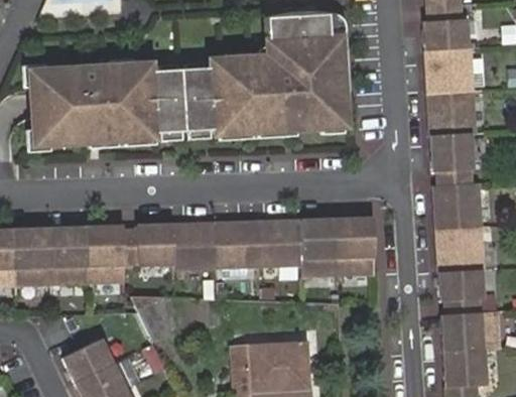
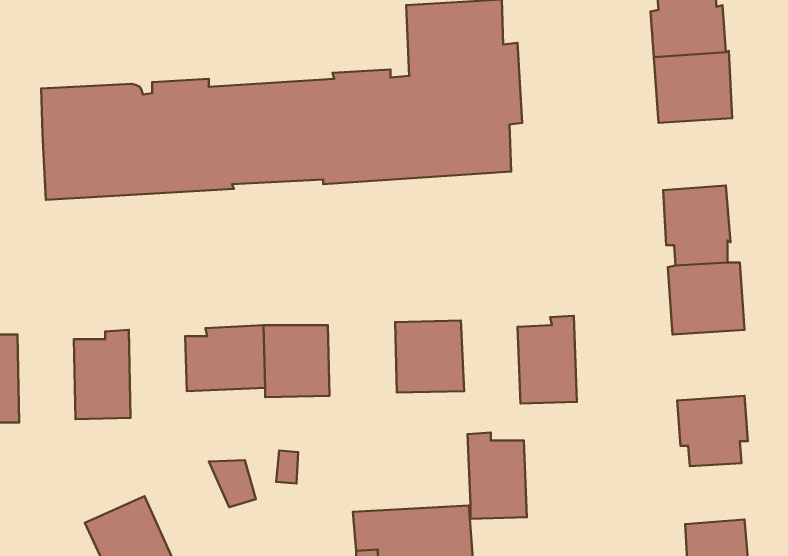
building: [427,91,478,137] -> none
building: [300,220,339,275] -> [467,433,527,519]
building: [215,222,259,269] -> none
building: [87,227,125,283] -> none
building: [436,227,485,272] -> none
building: [15,229,52,286] -> none
building: [443,311,499,352] -> none

